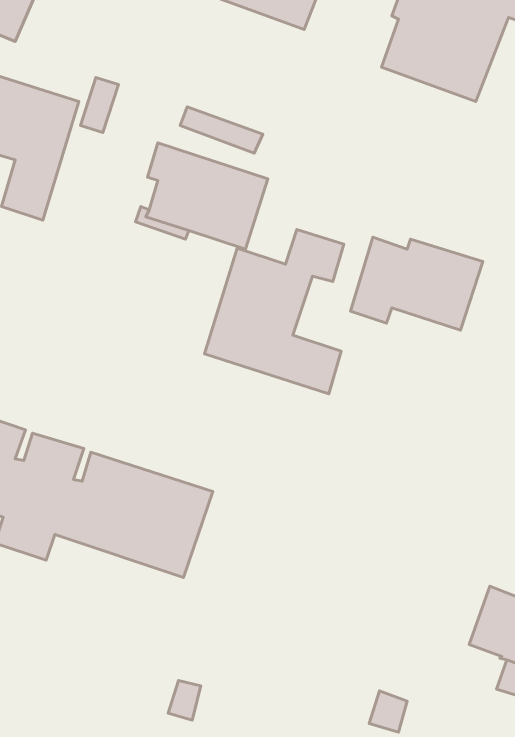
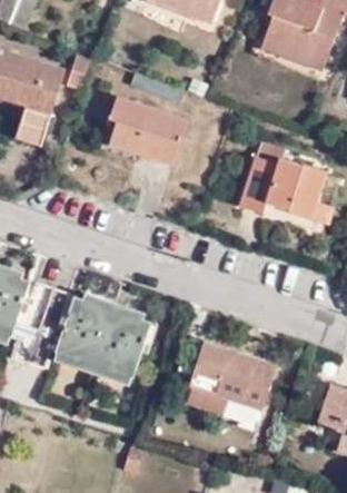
building: [204,229,344,394] -> none
building: none -> [186,342,276,416]

